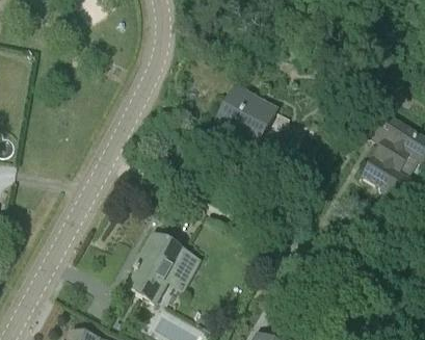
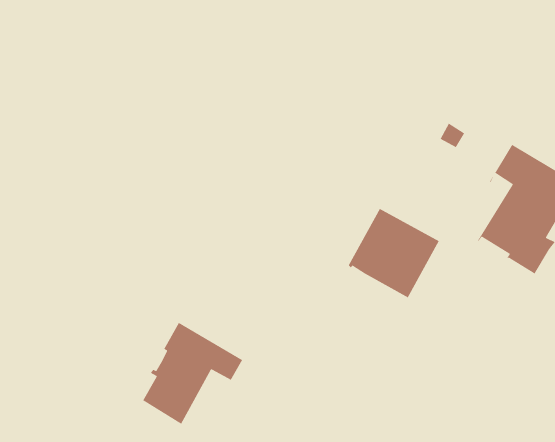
building: [213,86,276,149] -> [348,208,440,298]

